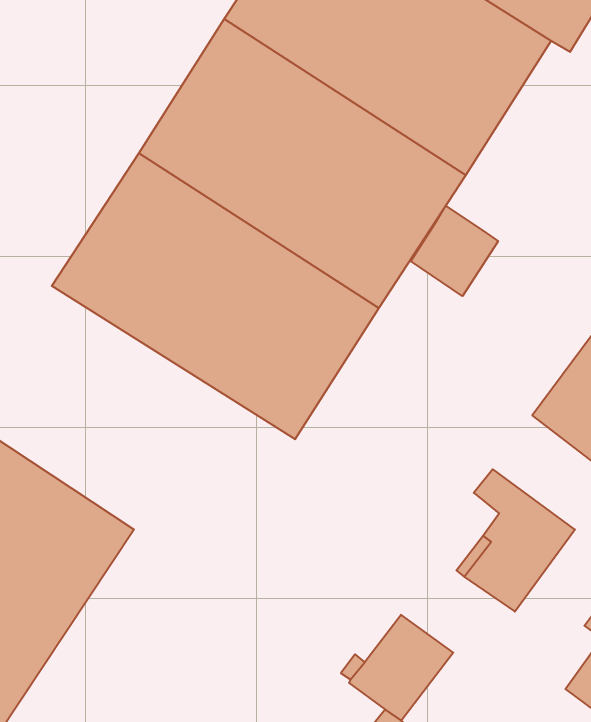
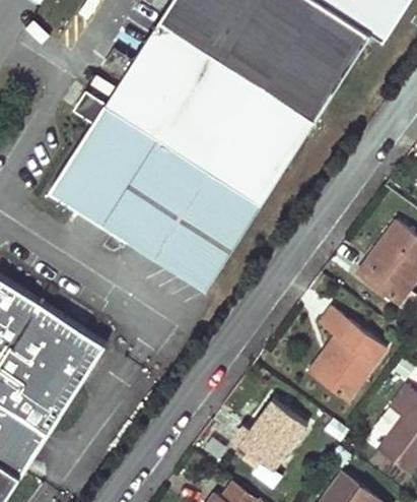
building: [411,206,498,296] -> none

